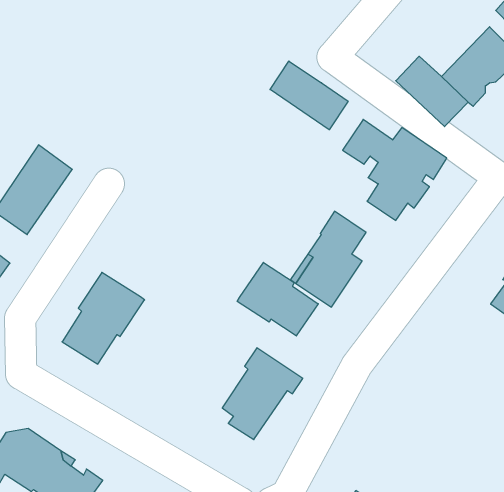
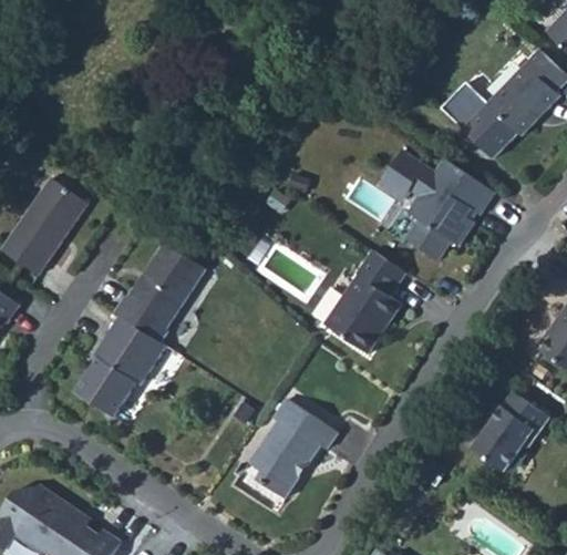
building: [270,61,348,130] -> none
building: none -> [114,241,205,342]
building: [237,262,318,336] -> none
building: none -> [472,390,549,471]

